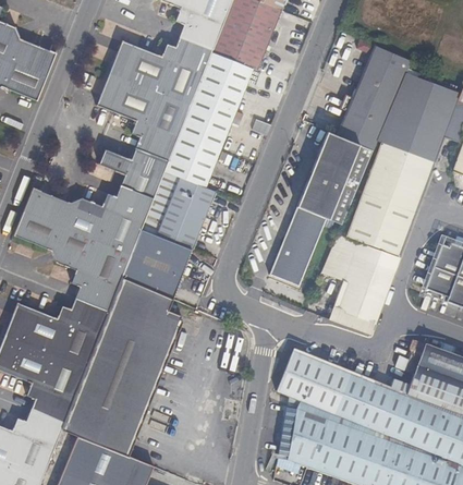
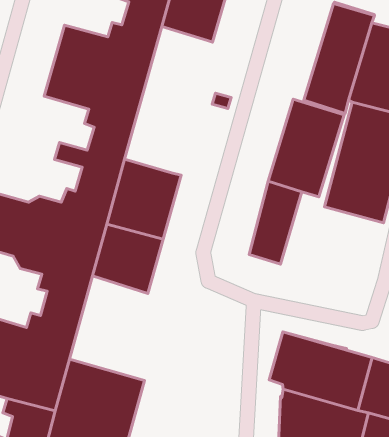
building: [163,51,253,189] -> none
building: [328,238,399,336] -> none
building: [93,277,183,379] -> none

